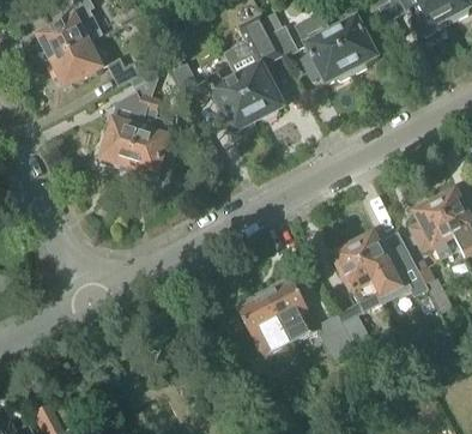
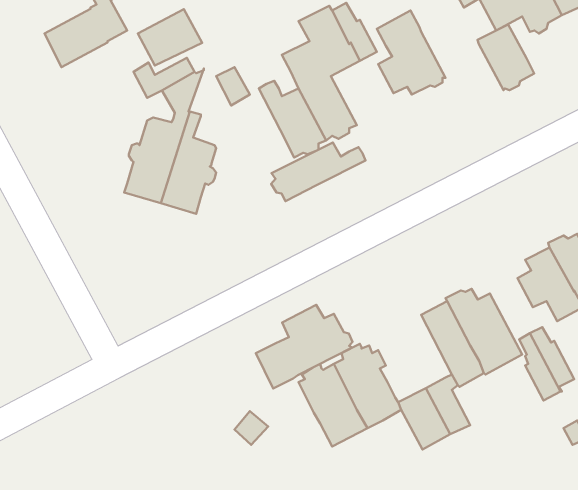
building: [332,17,376,68] -> [477,24,534,90]
building: [52,41,102,85] -> [138,9,202,66]
building: none -> [271,143,365,201]
building: none -> [256,305,353,388]

